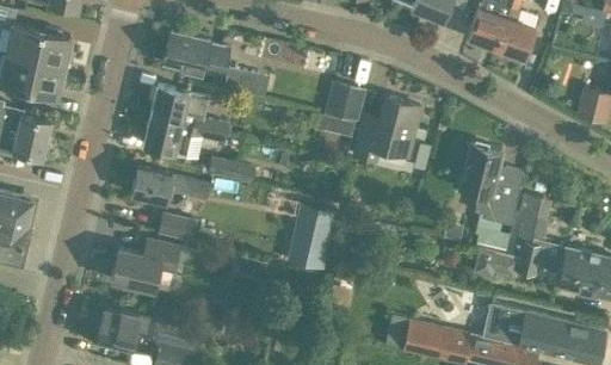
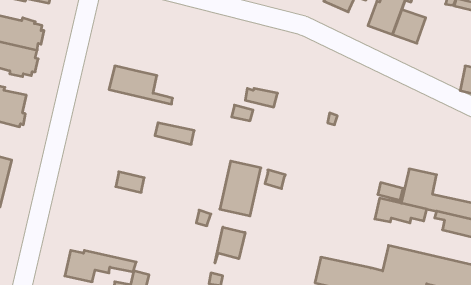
building: [163,32,255,95] -> none
building: [327,80,368,120] -> none
building: [354,98,420,160] -> none
building: [144,115,228,159] -> none
building: [461,144,525,224] -> none
building: [132,167,211,204] -> none
building: [111,240,180,292] -> none
building: none -> [215,227,245,263]

